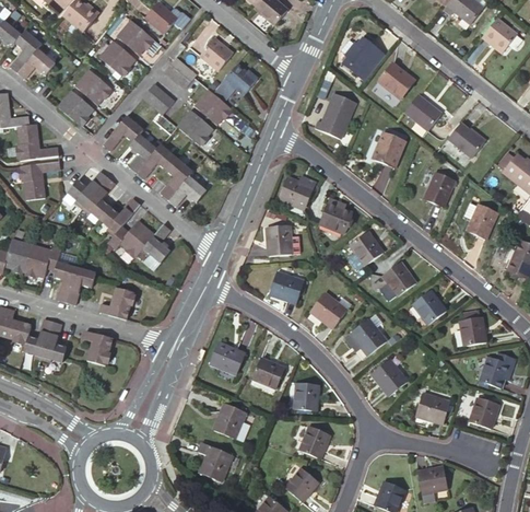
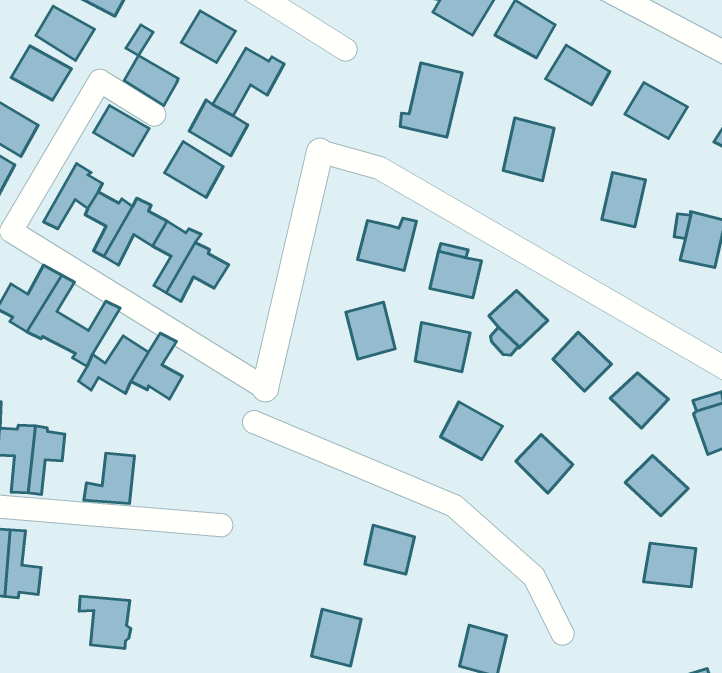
building: [271,269,306,302] -> [415,323,470,372]
building: [82,329,113,364] -> [79,596,131,648]
building: [211,339,246,372] -> none
building: [370,358,407,394] -> [625,455,688,516]
building: [294,380,319,408] -> none

